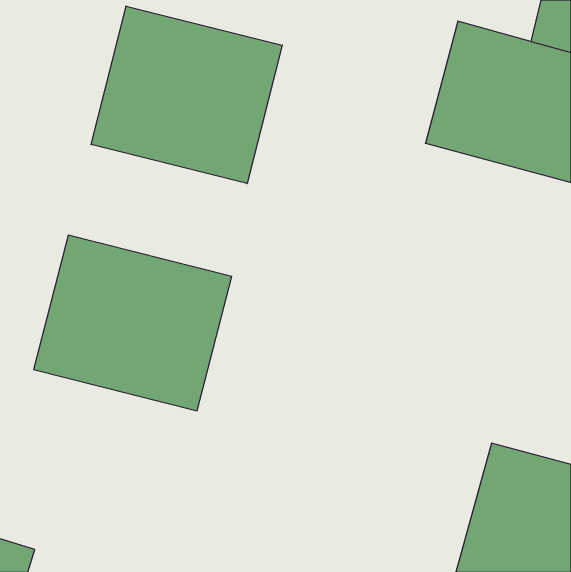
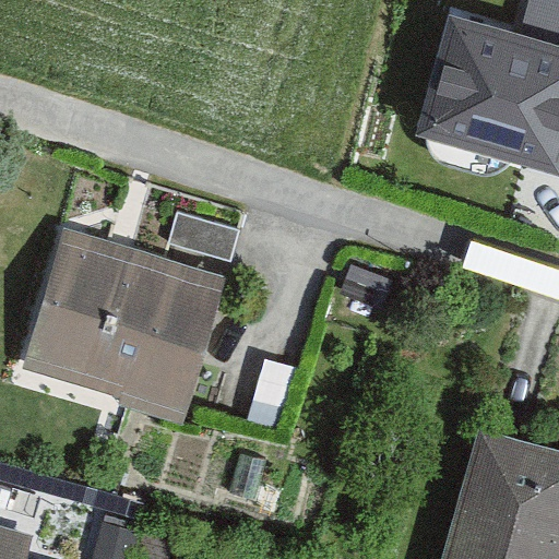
building: [91,6,282,184] -> none

